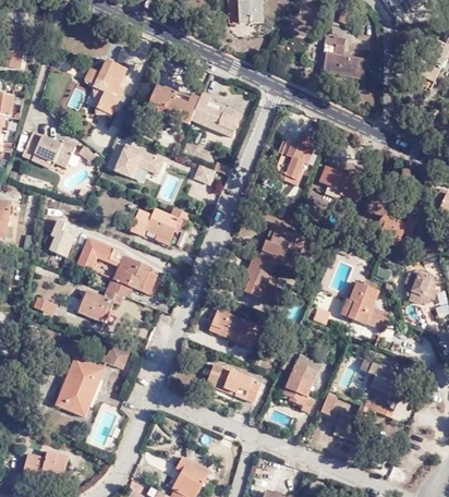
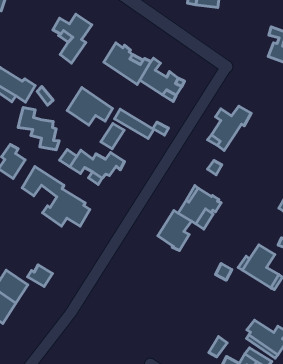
building: [318,167,356,196] -> none
building: none -> [18,108,59,150]
building: [80,287,125,315] -> none
building: [209,311,258,348] -> none
building: [284,353,317,410] -> none
building: [205,363,259,404] -> none

